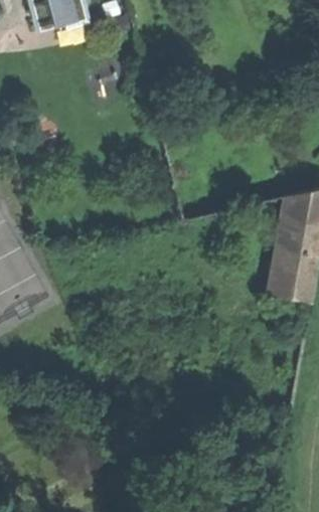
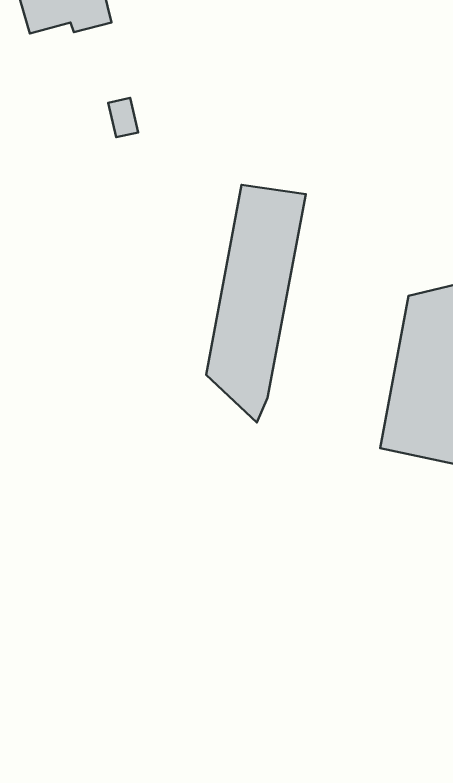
building: none -> [206,185,306,422]

